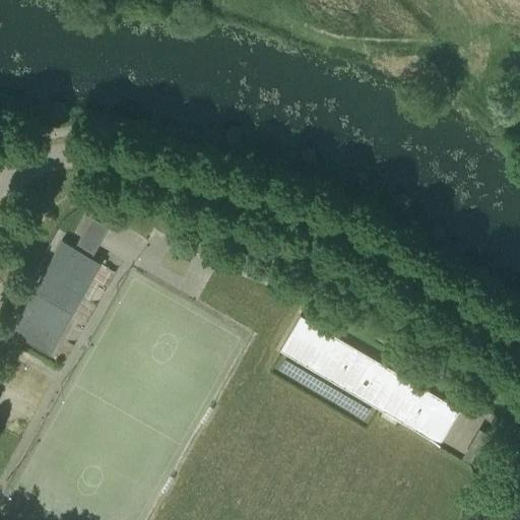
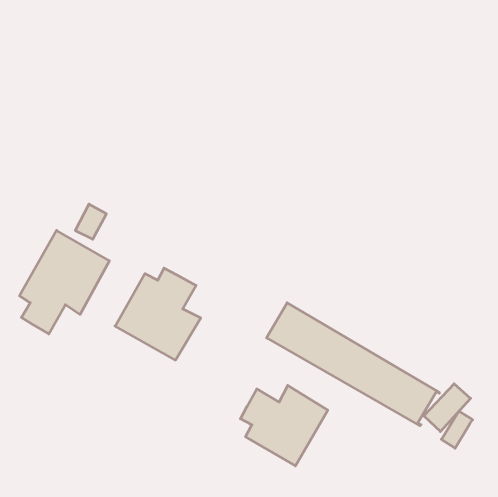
building: none -> [115,268,201,360]
building: none -> [240,385,328,466]

